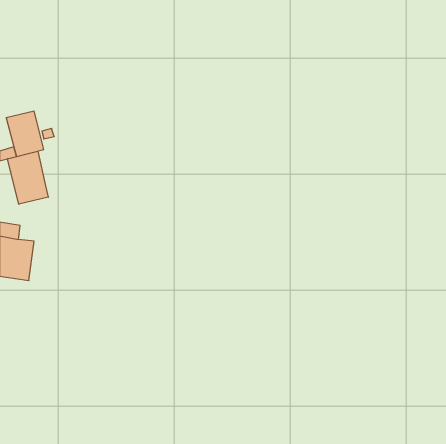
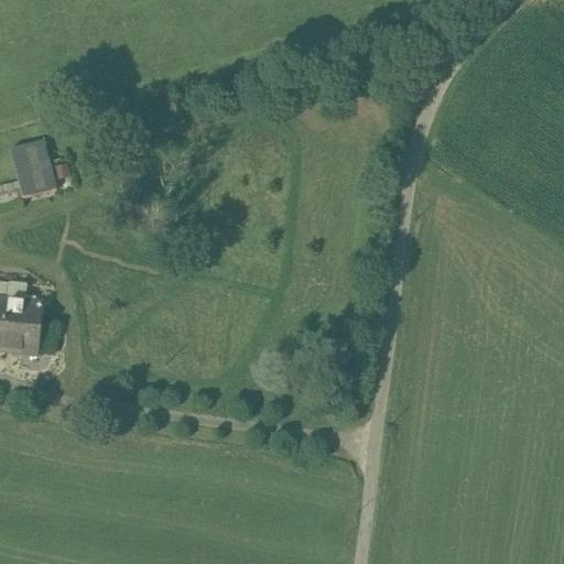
building: [7,151,48,204] -> none

